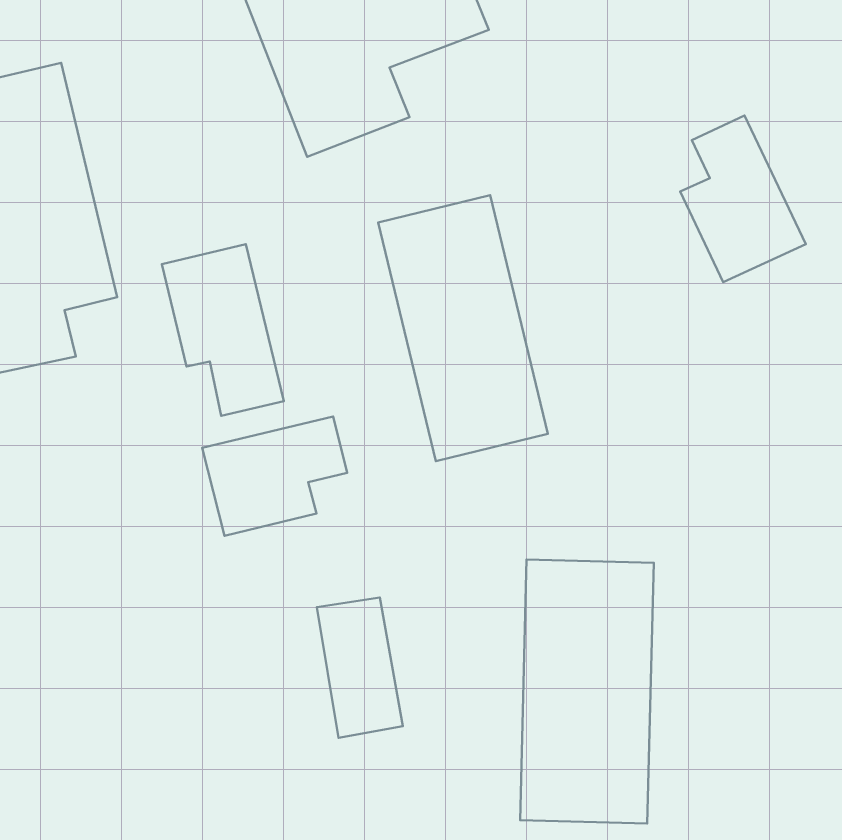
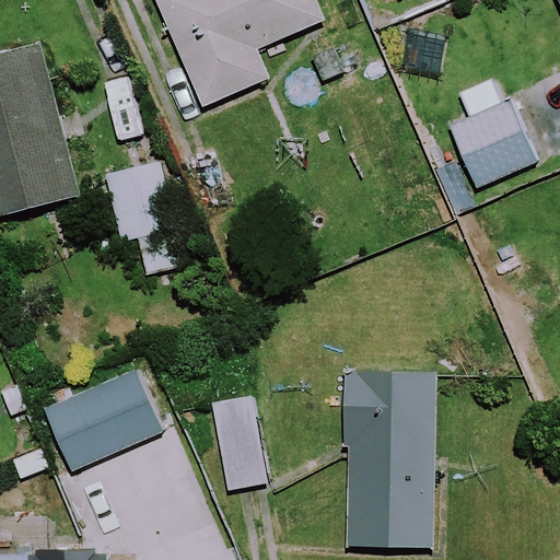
building: [378,195,548,461] -> none
building: [202,416,347,536] -> none
building: none -> [40,369,161,472]

